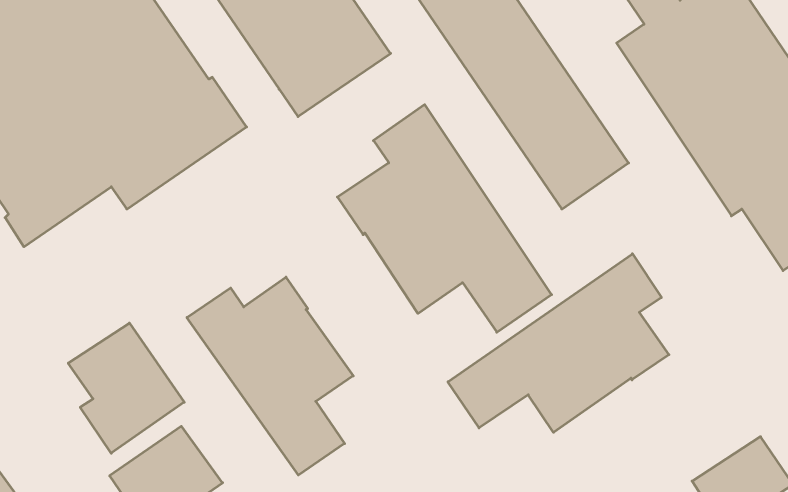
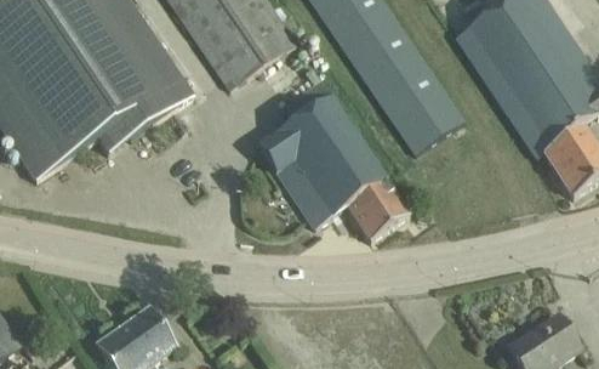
building: [448,254,669,432] -> none
building: [187,277,353,475] -> none
building: [68,323,184,453] -> none

